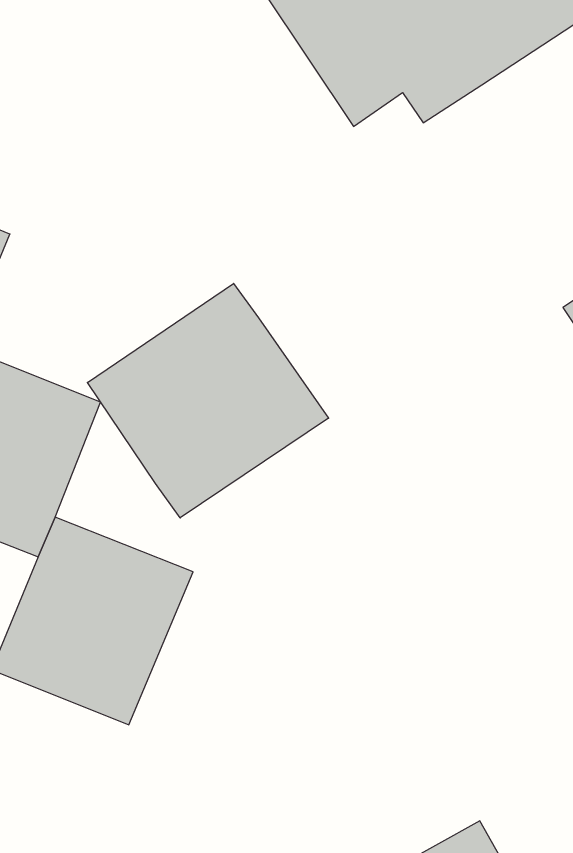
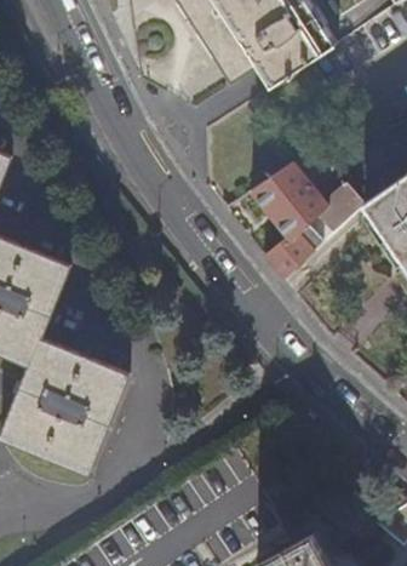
building: none -> [234,145,363,280]
building: [87,283,329,518] -> none

